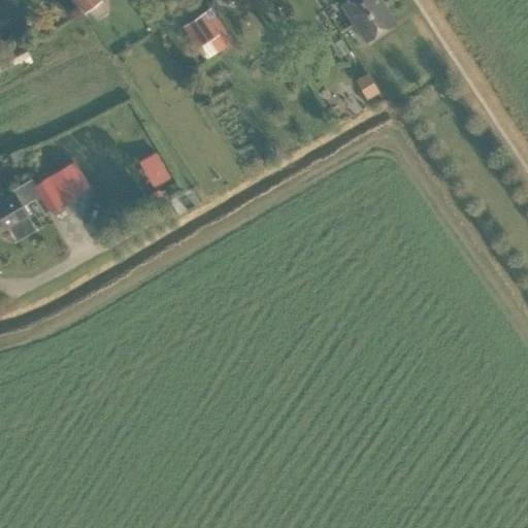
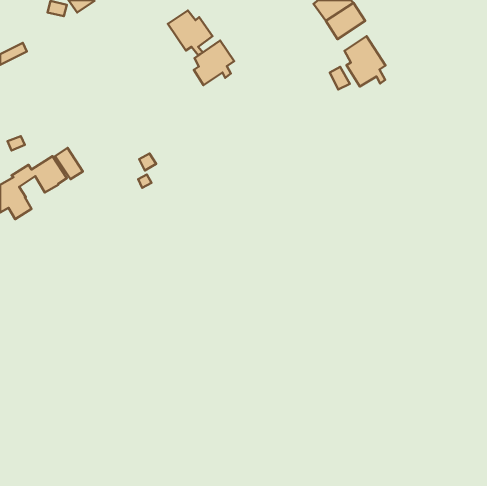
building: none -> [345,36,386,86]
building: none -> [194,41,234,85]

